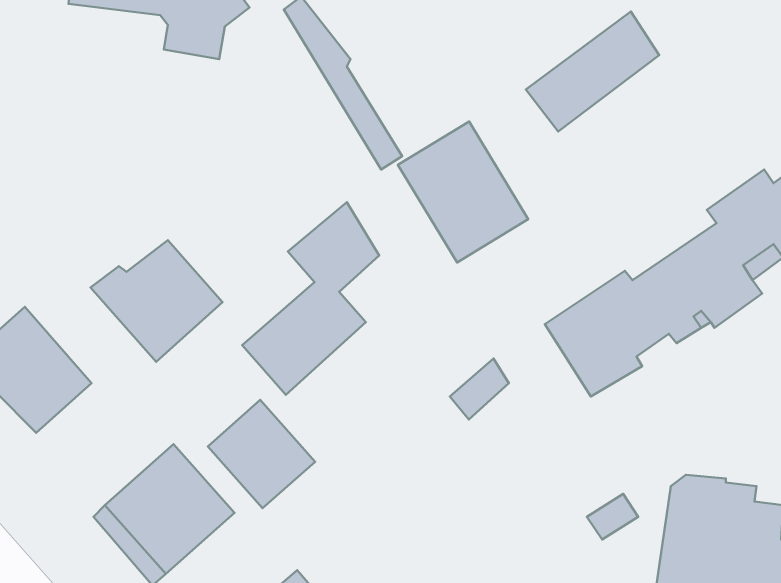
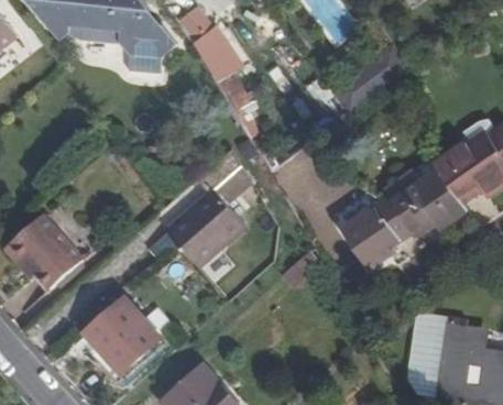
building: [398,122,528,262] -> none
building: [91,240,222,362] -> none
building: [208,400,315,508] -> none

